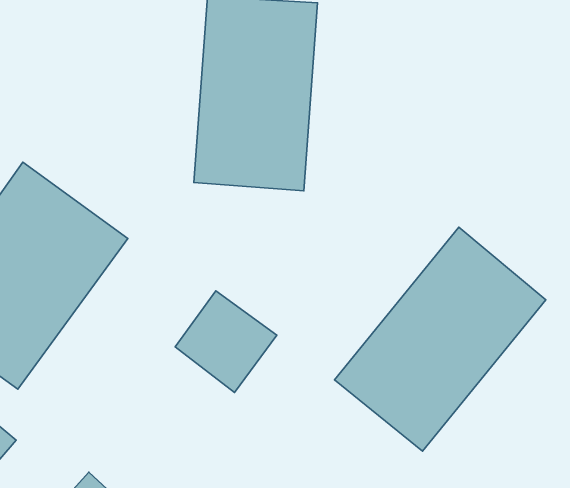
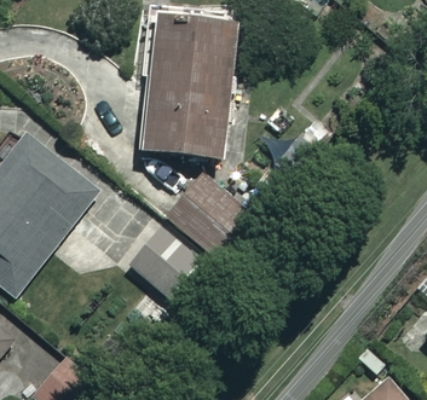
building: none -> [168,174,250,255]
building: [334,227,546,451] -> none

